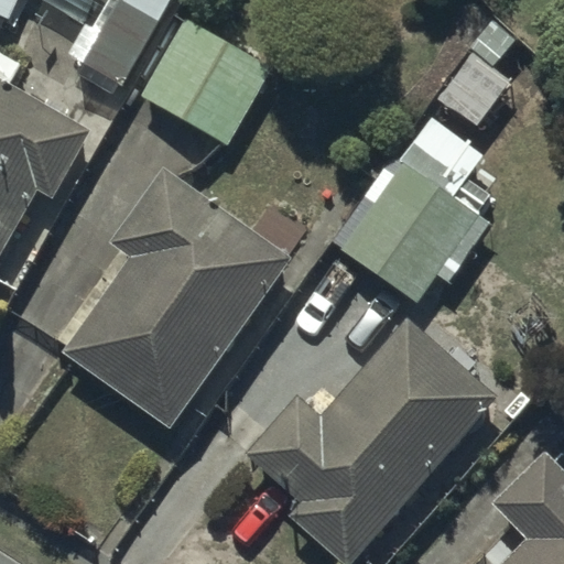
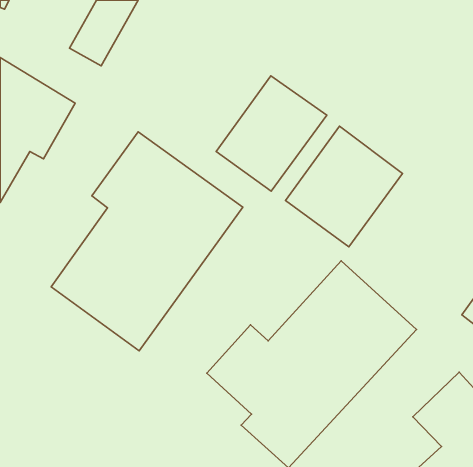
building: [142,20,272,147] -> none
building: none -> [216,76,327,191]

